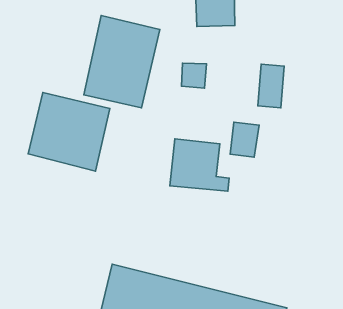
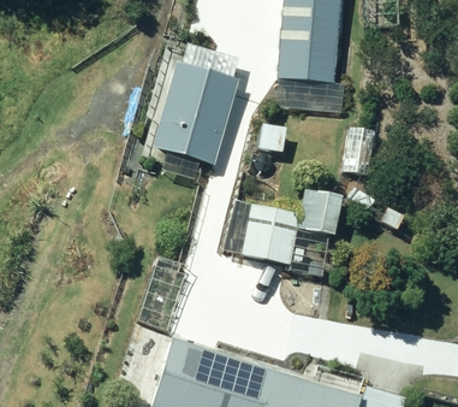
building: [28,93,110,171] -> none

